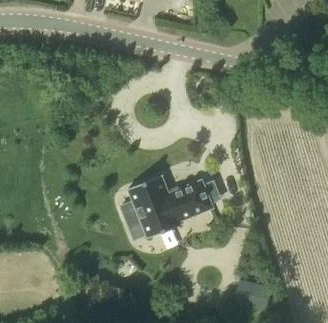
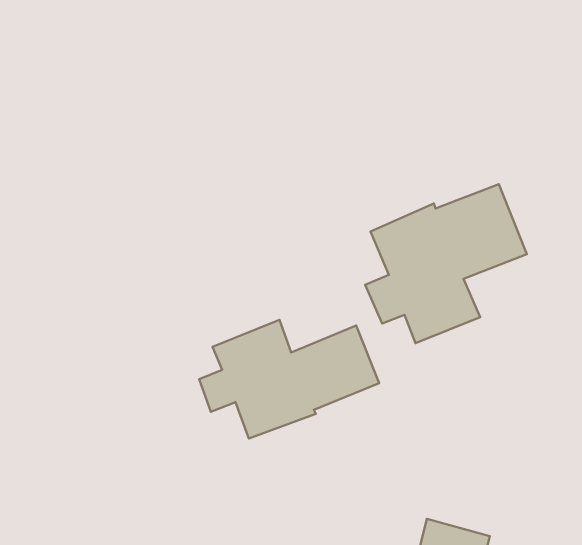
building: none -> [365,184,527,343]

